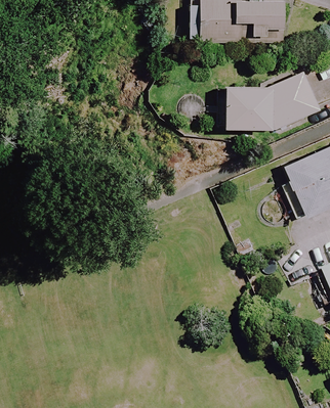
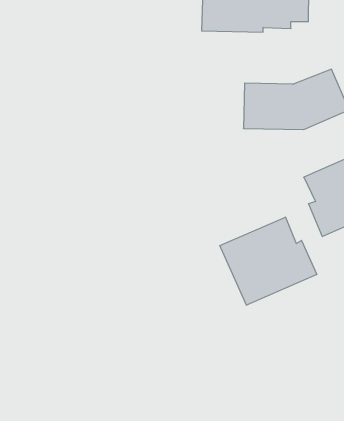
building: none -> [220,217,317,305]

